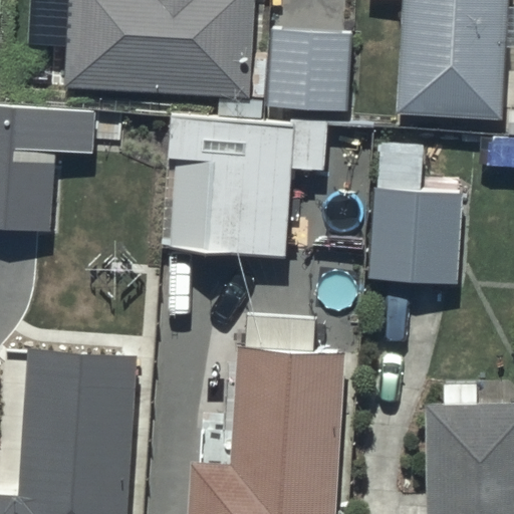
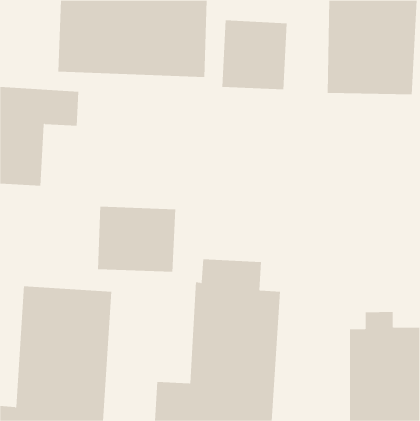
building: [168,114,332,253] -> none
building: [367,141,466,287] -> none
building: none -> [98,206,176,273]

